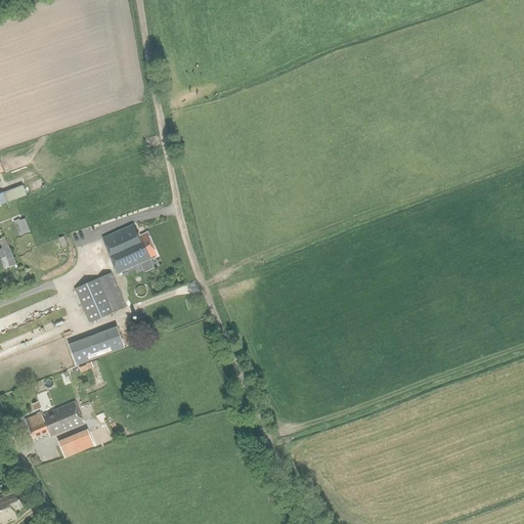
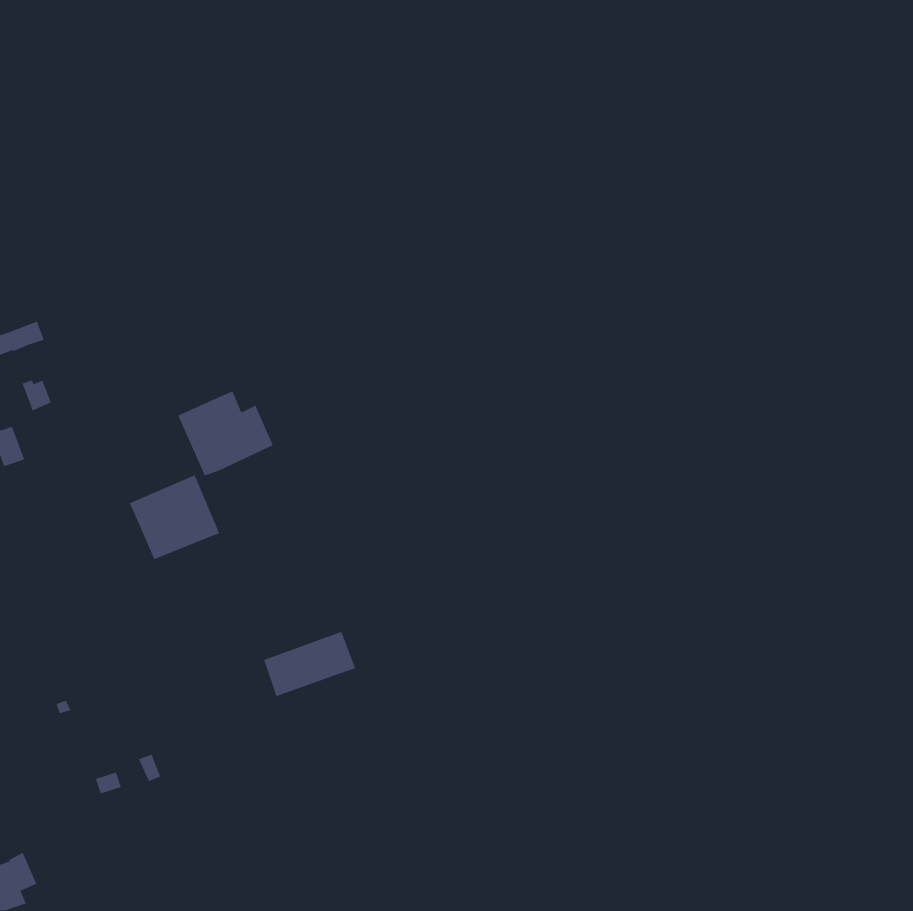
building: [71,325,124,363] -> [263,631,356,697]
building: [24,400,83,438] -> none

